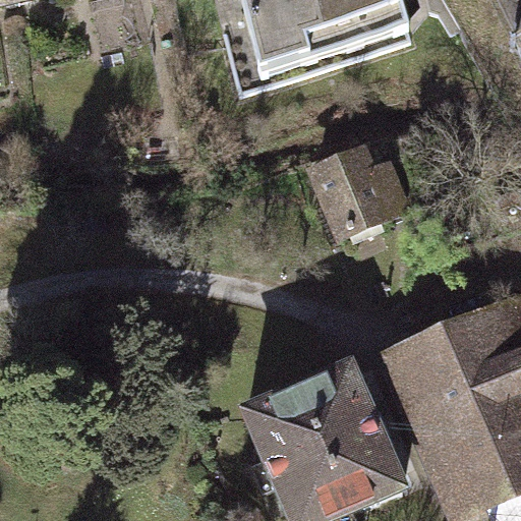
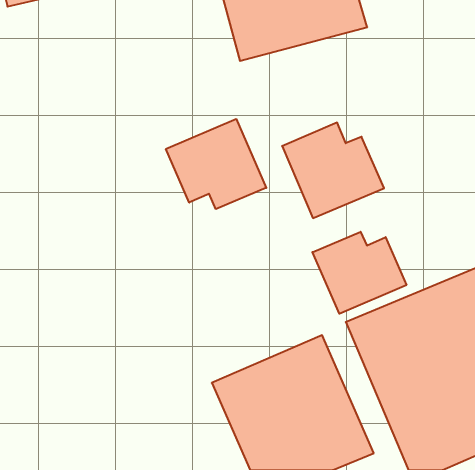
building: none -> [166,119,266,209]
building: none -> [312,232,406,314]

